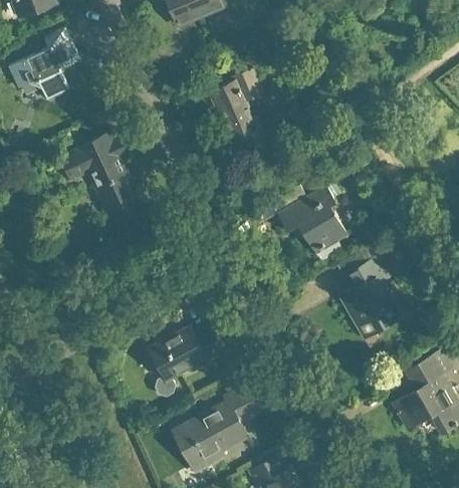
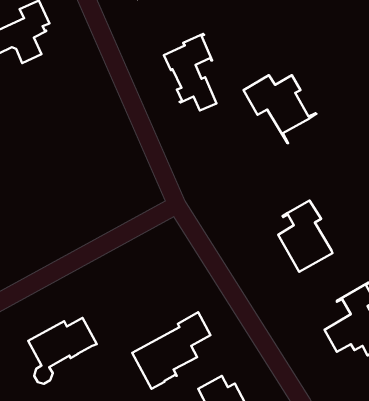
building: [60,133,146,212] -> none
building: [270,186,354,263] -> [243,75,316,143]
building: [148,321,226,397] -> [28,318,97,384]

